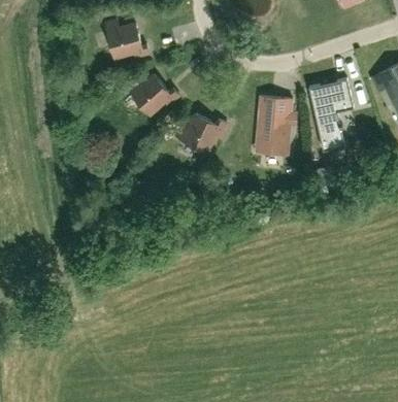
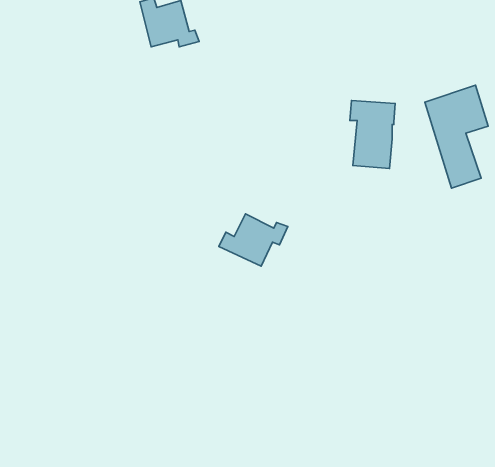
building: [126,75,177,114] -> none
building: [174,114,225,153] -> [219,214,288,266]

